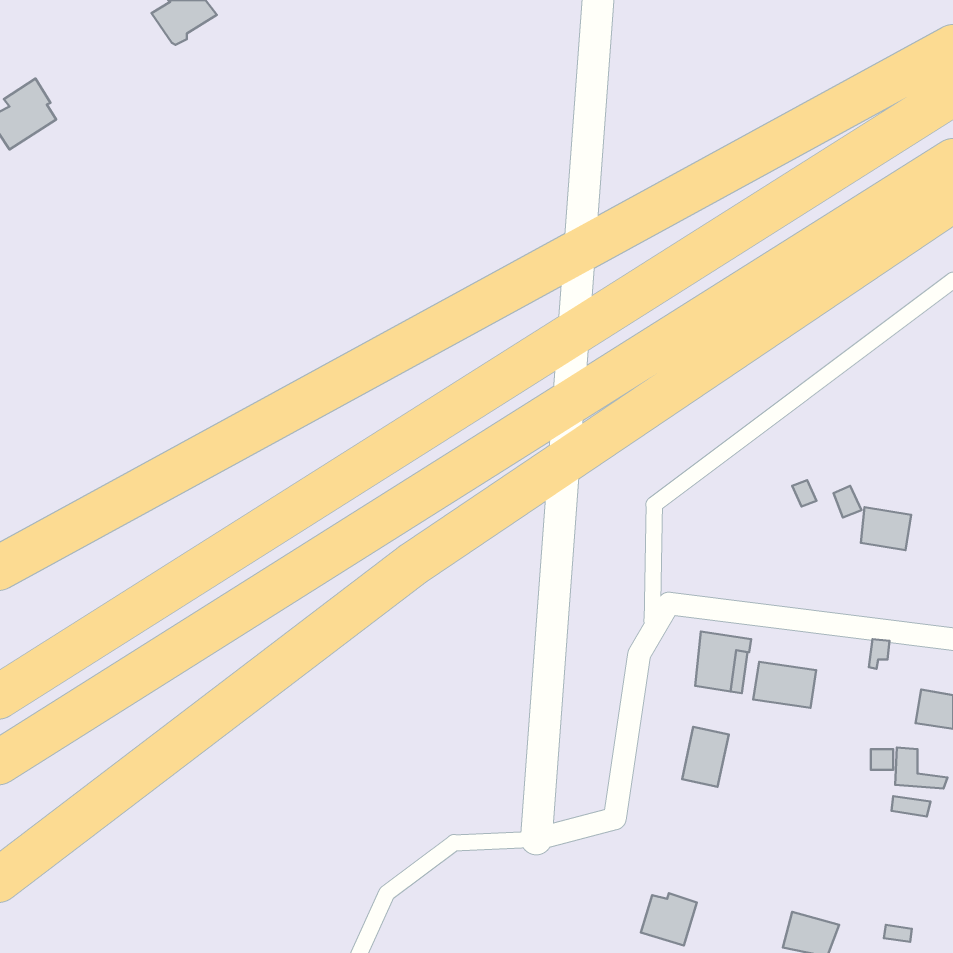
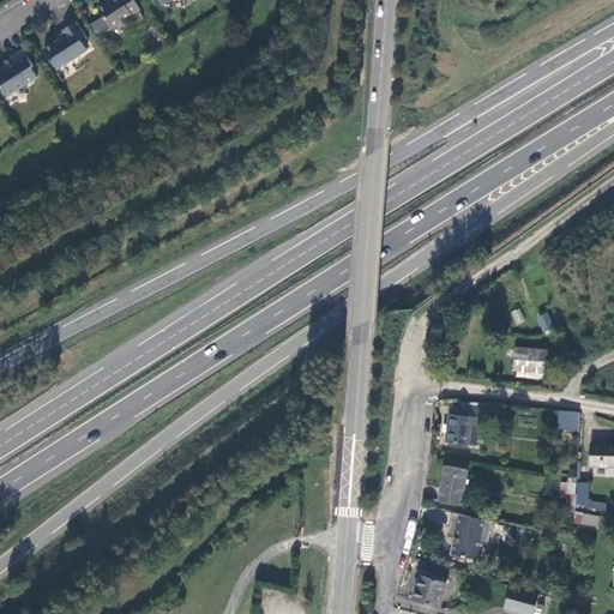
building: none -> [43,23,86,71]
building: [861,507,911,550] -> [513,349,546,377]
building: [753,662,816,708] -> none
building: none -> [445,514,490,561]

